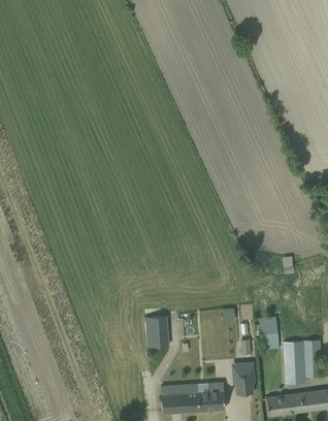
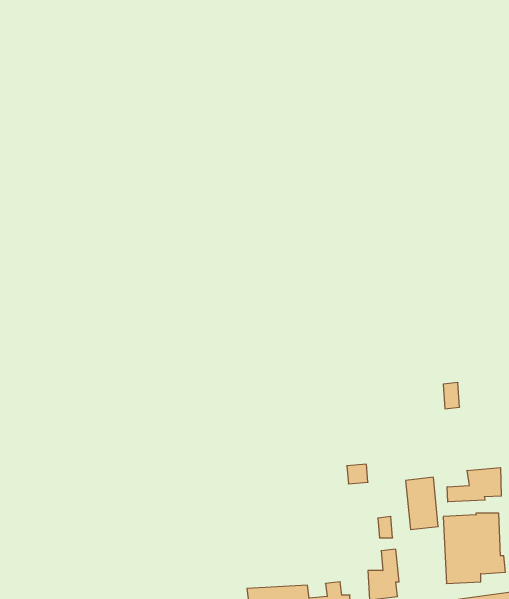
building: none -> [447,468,501,502]
building: [145,317,168,348] -> none

